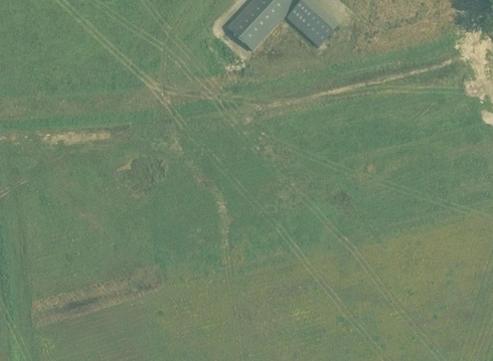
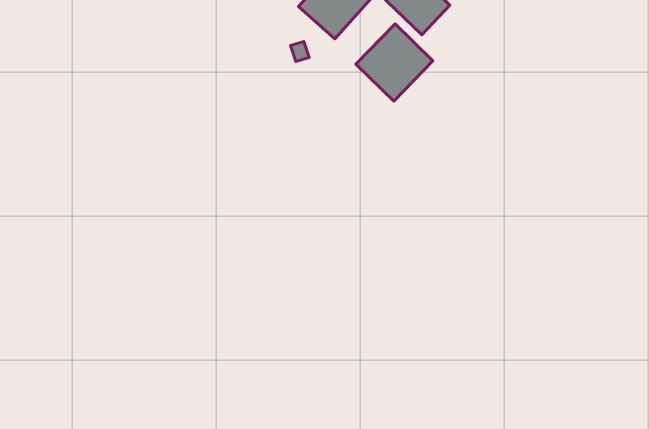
building: none -> [356,24,433,101]

